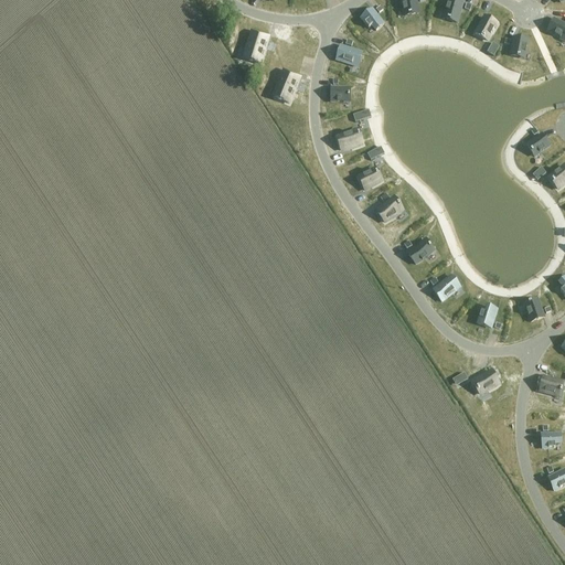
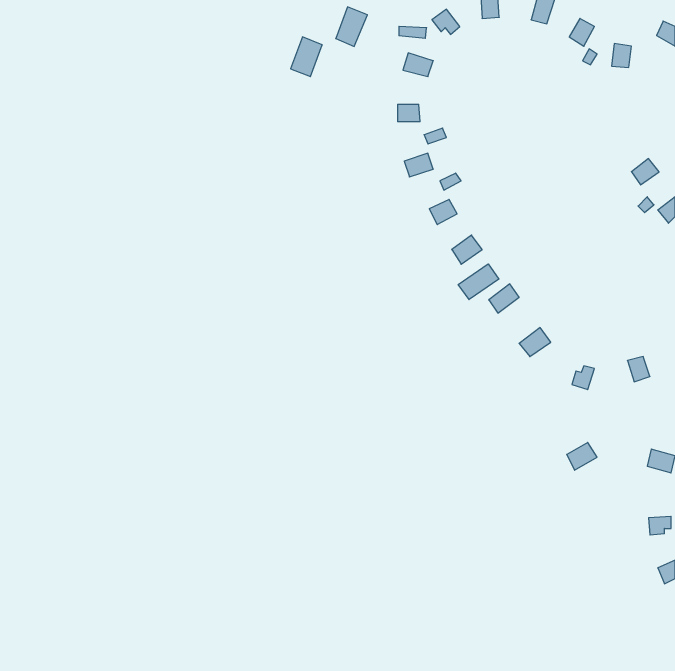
building: [274,70,300,103] -> [336,7,367,46]
building: none -> [458,264,499,300]

